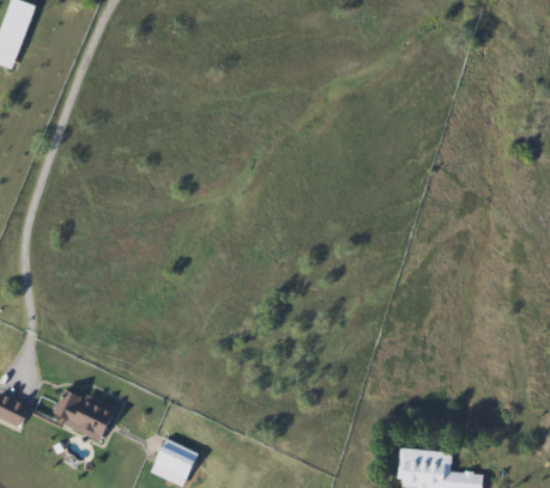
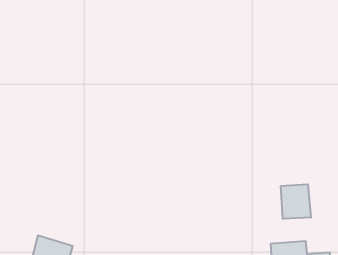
building: none -> [281,184,311,219]

